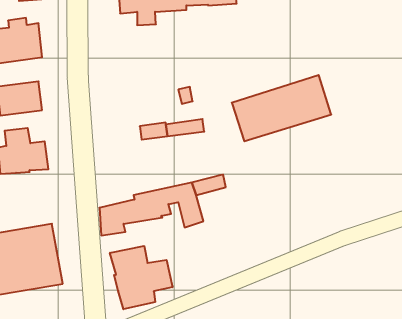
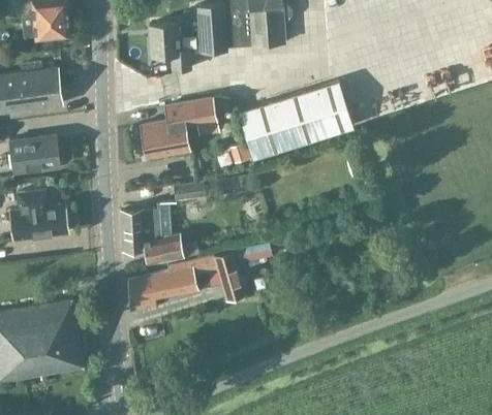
building: none -> [144,97,217,159]
building: [232,75,331,141] -> [239,82,353,158]
building: none -> [120,202,201,265]
building: [110,246,172,309] -> none

